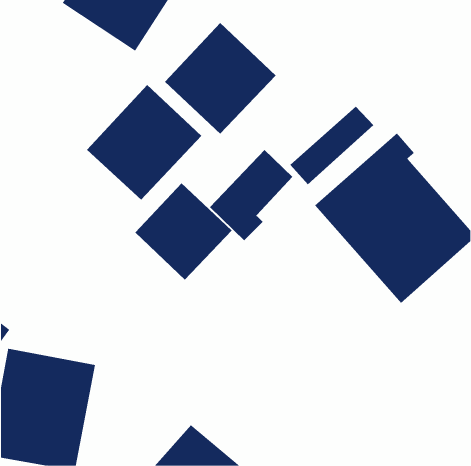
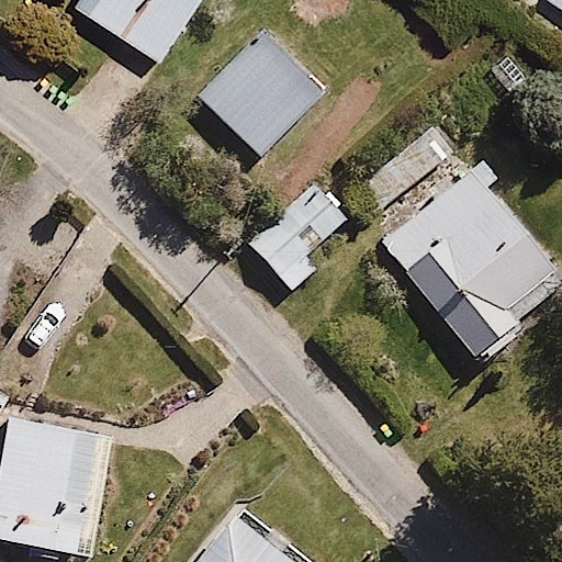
building: [86,84,202,201] -> none
building: [135,183,232,281] -> none

